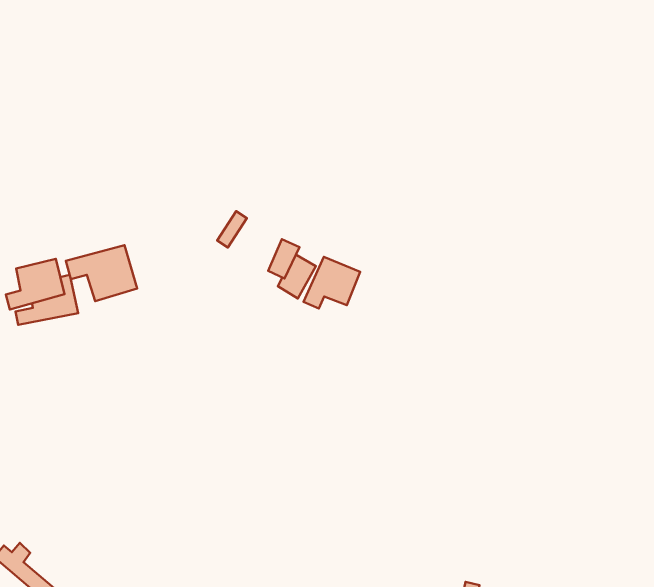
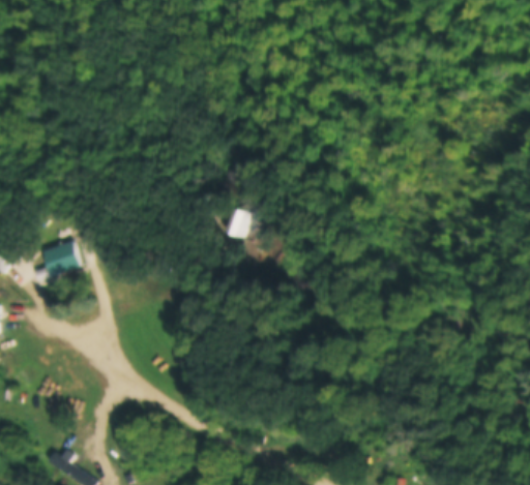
building: [66,245,137,301] -> none
building: [304,257,360,309] -> none

